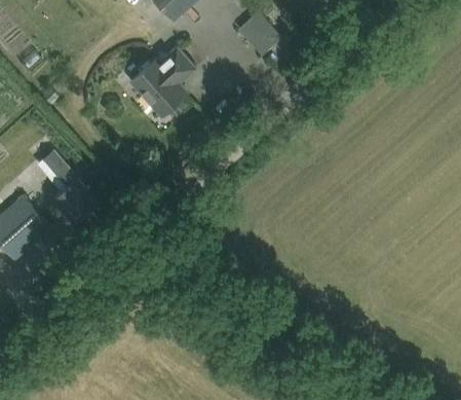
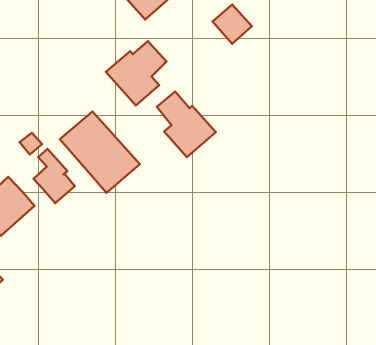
building: none -> [157,92,216,157]
building: none -> [60,112,140,193]

